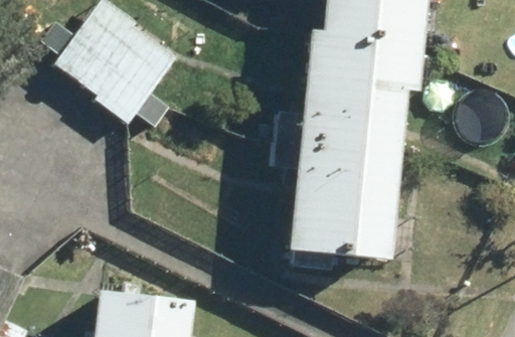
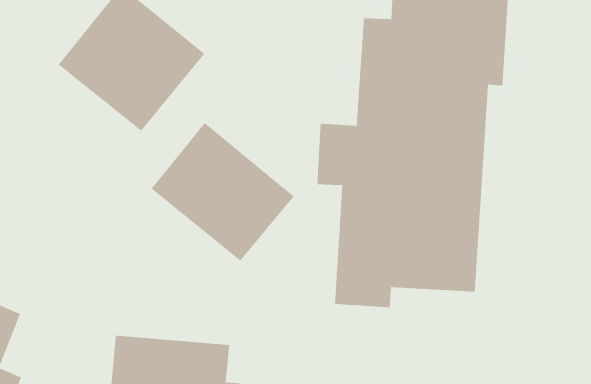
building: none -> [151,122,295,261]

